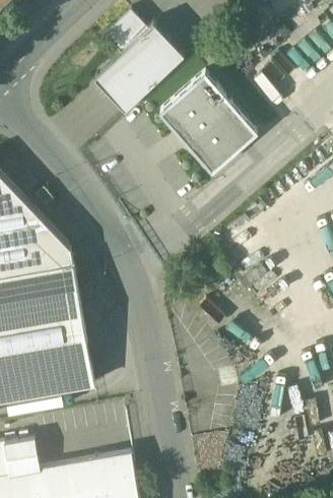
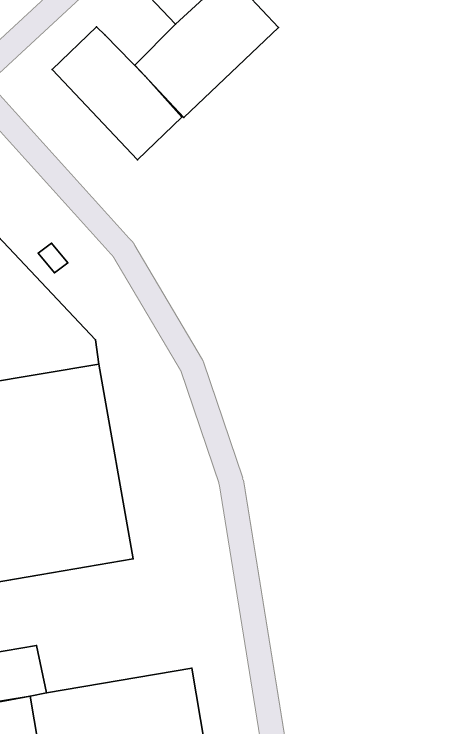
building: none -> [52,27,182,160]
building: [160,75,256,173] -> none

